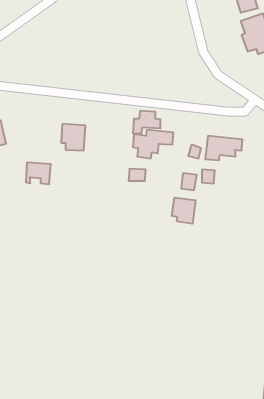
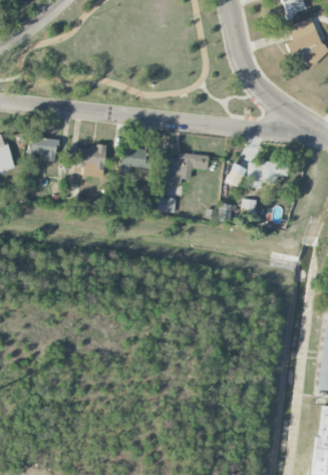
building: [133,111,161,133] -> [119,149,151,175]
building: [26,162,51,184] -> [29,137,58,162]
building: [172,198,195,224] -> none

